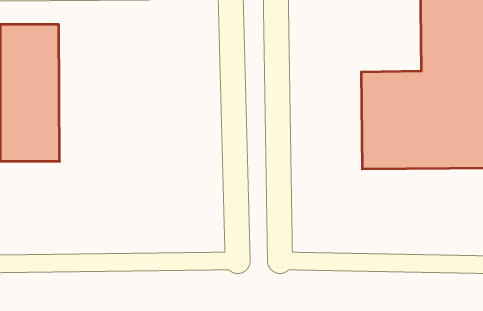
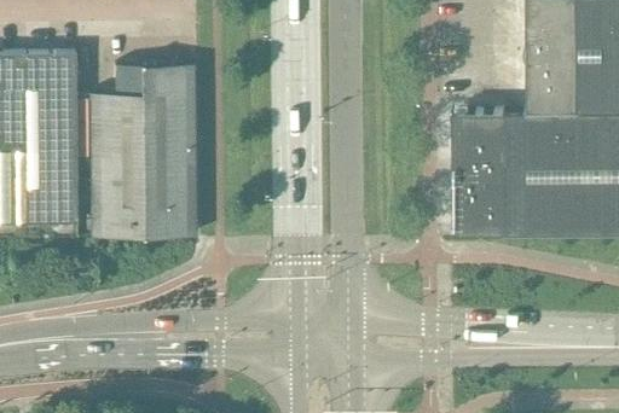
building: none -> [91,63,195,238]

